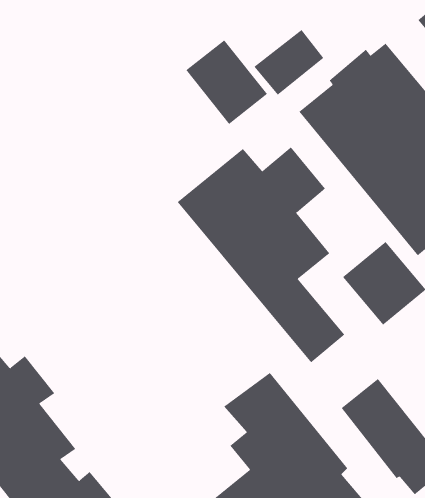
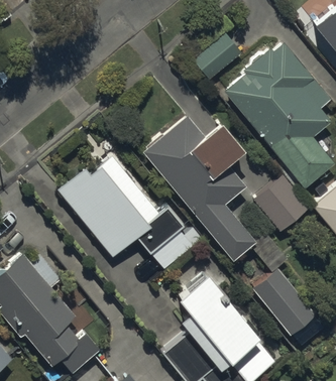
building: [186,40,268,125] -> none
building: none -> [55,156,185,259]

